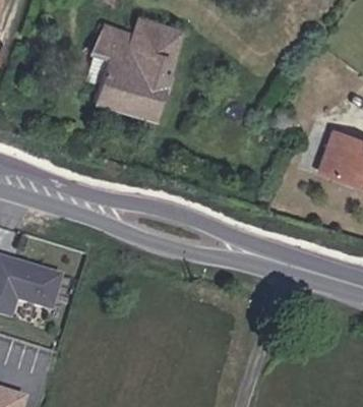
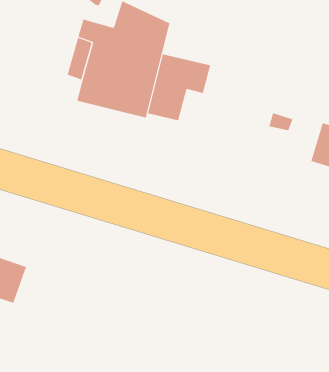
building: none -> [148,54,211,121]

